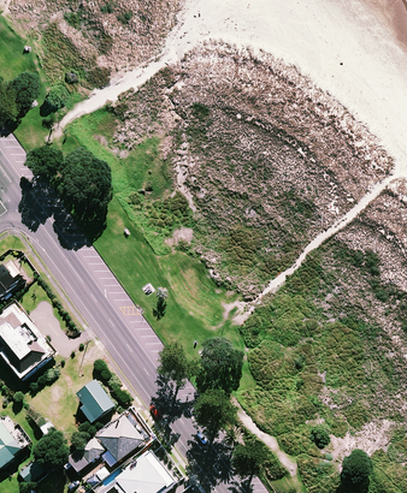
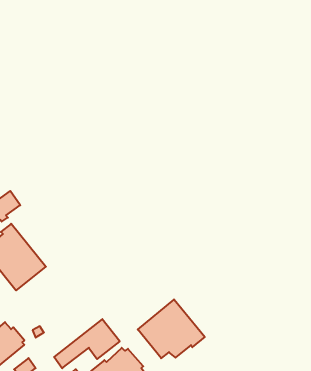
building: [77,379,116,422] -> none
building: none -> [138,299,205,358]

